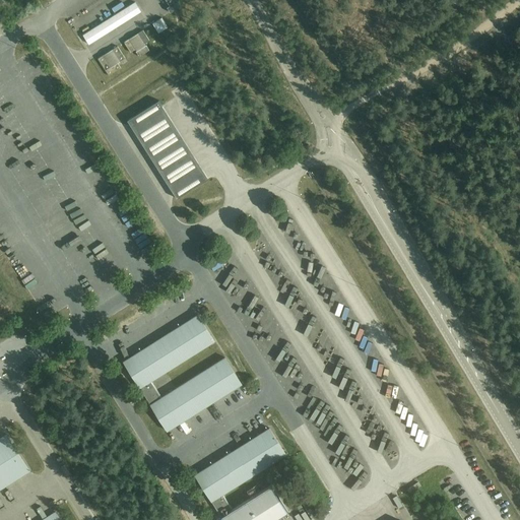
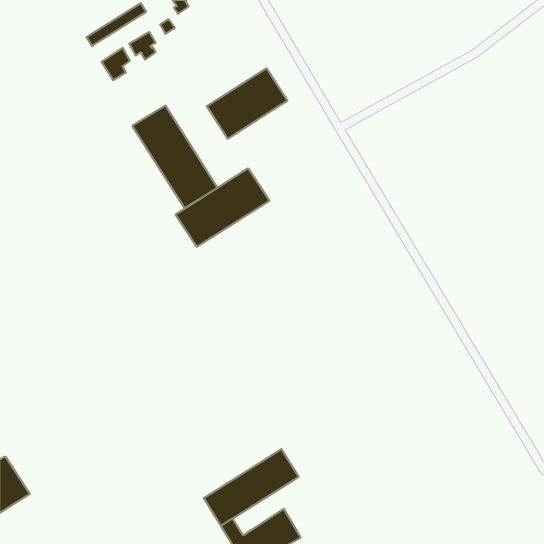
building: none -> [207,68,287,139]
building: none -> [176,168,269,247]
building: [122,315,241,432] -> none

